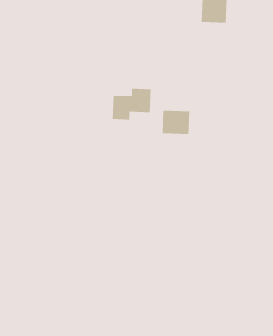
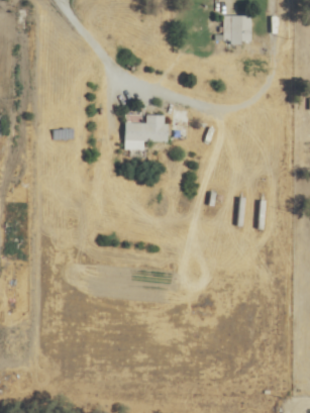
building: [162,110,190,135] -> none

